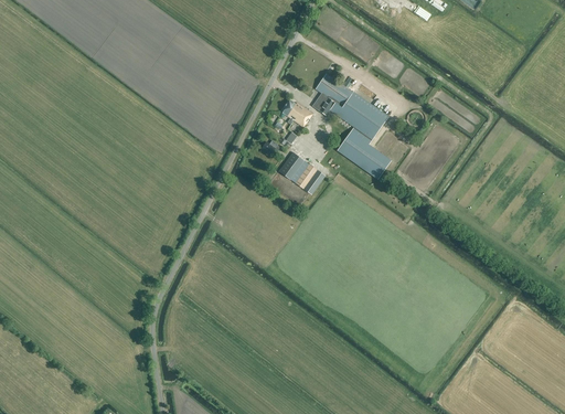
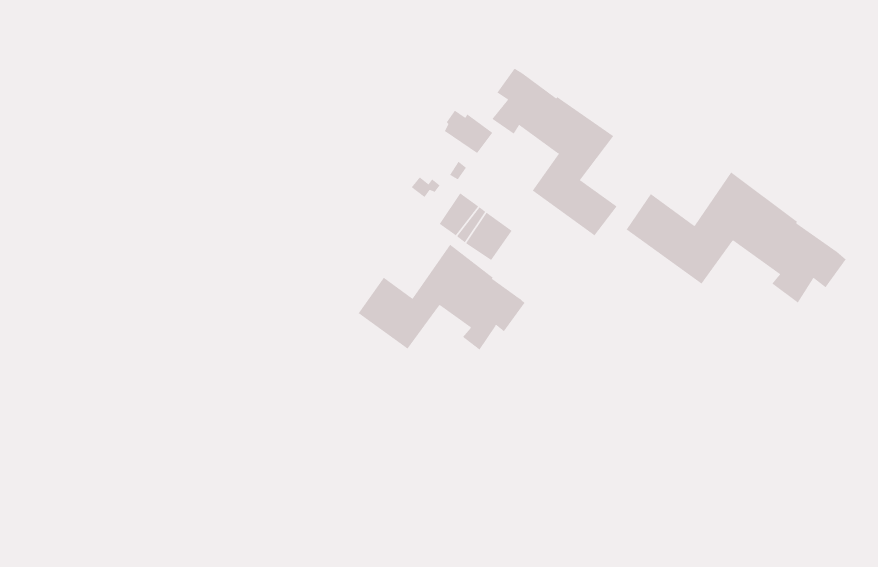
building: none -> [626,171,847,304]
building: none -> [358,244,525,351]

